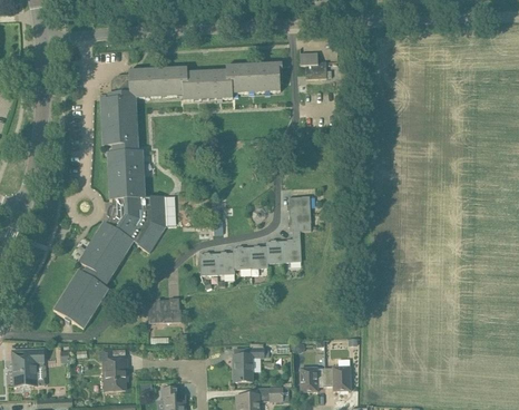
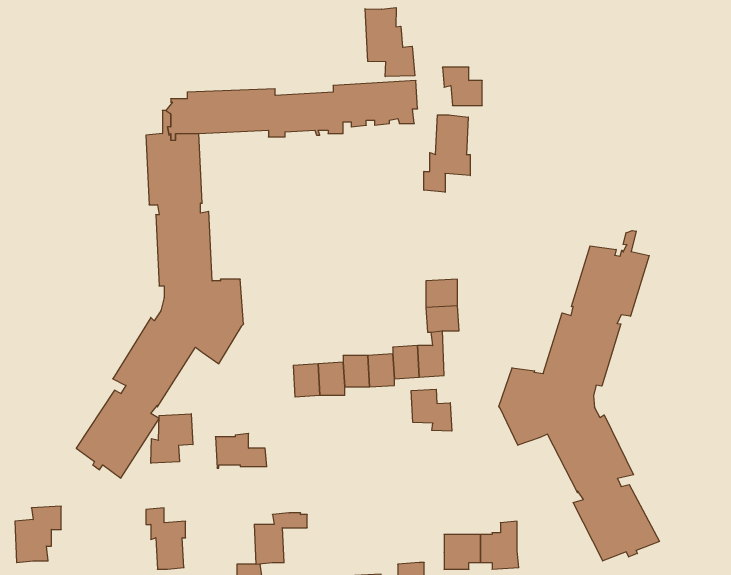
building: none -> [365,8,415,77]
building: none -> [424,115,470,192]
building: none -> [499,231,659,561]
building: none -> [411,389,452,431]
building: none -> [151,414,193,463]
building: [233,346,268,381] -> [254,513,307,564]

